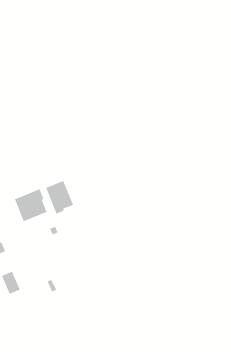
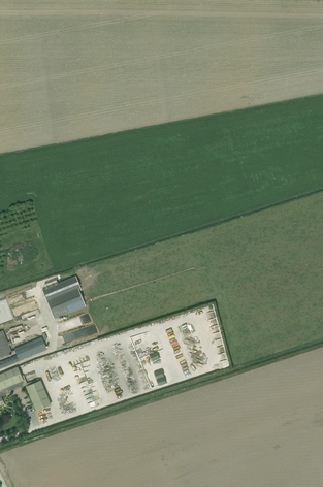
building: [45,180,74,215] -> none

